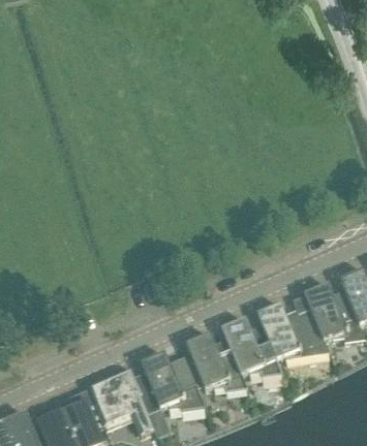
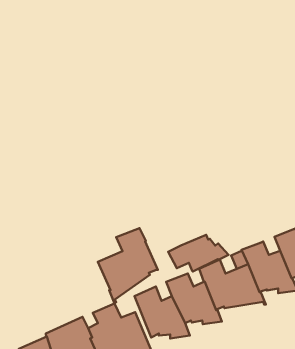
building: none -> [98,228,158,304]
building: none -> [168,235,229,271]

